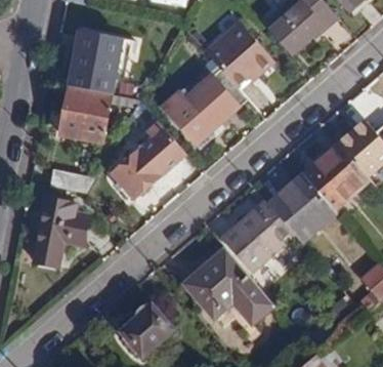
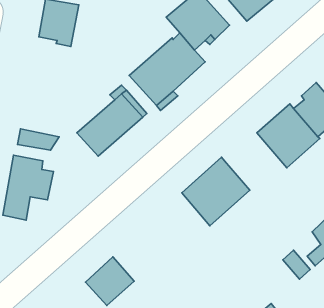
building: [59,85,138,141] -> none
building: [267,173,335,242] -> none
building: [183,247,273,323] -> none

